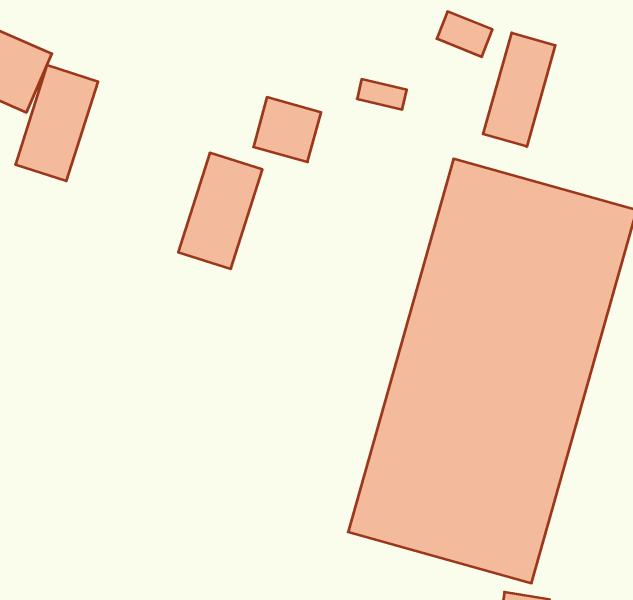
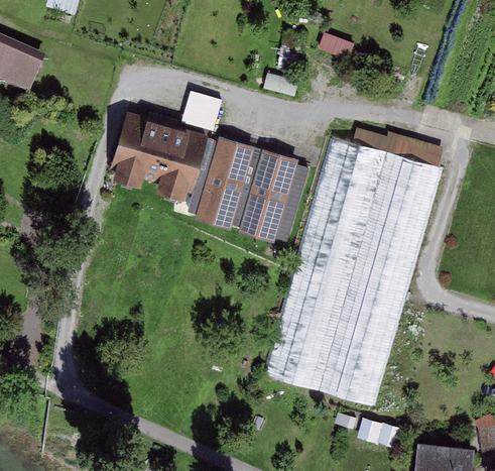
building: [483,33,555,147] -> none
building: [15,65,98,181] -> [107,113,162,191]
building: none -> [195,131,311,241]

